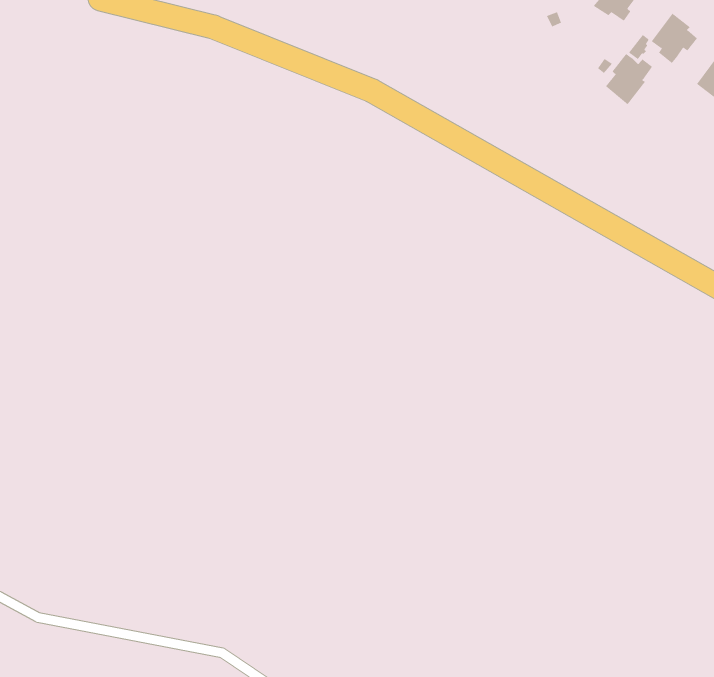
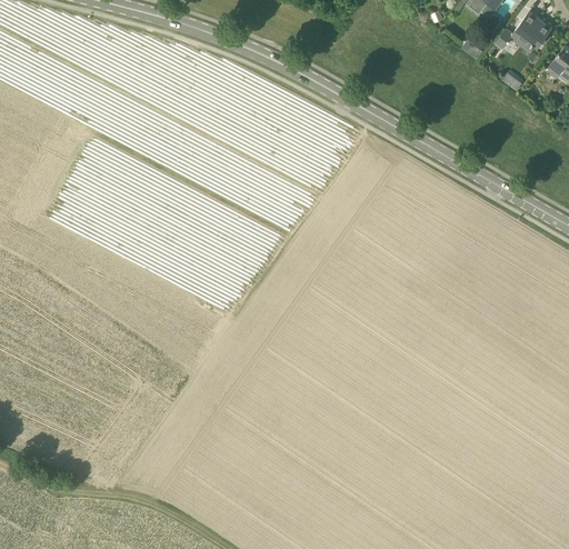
building: [605,53,653,105] -> none

